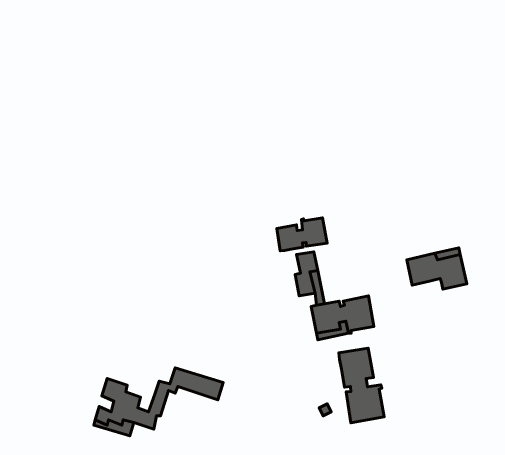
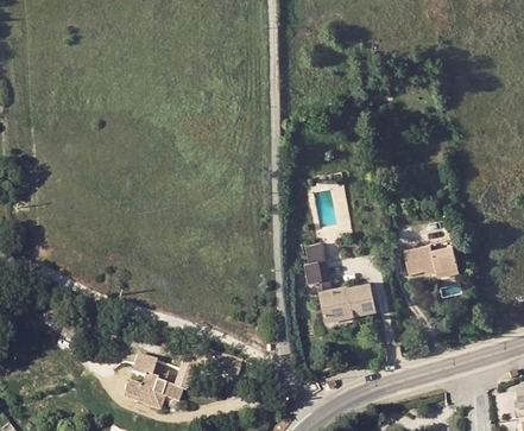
building: [277,218,327,251] -> none
building: [339,348,384,423] -> none

